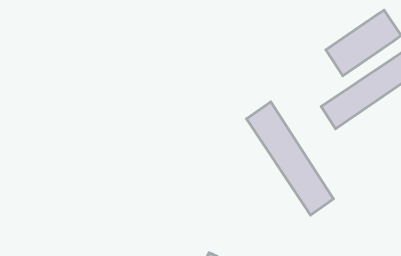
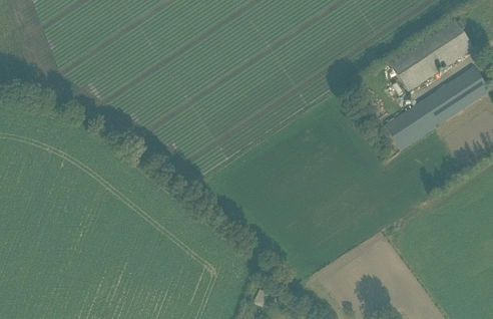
building: [247,102,333,215] -> none

